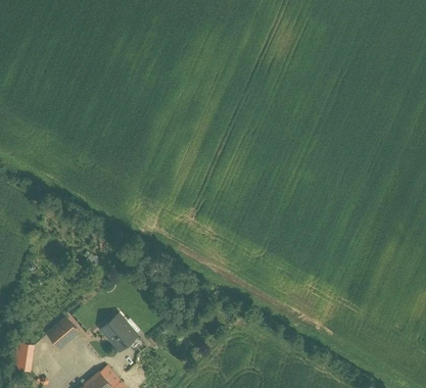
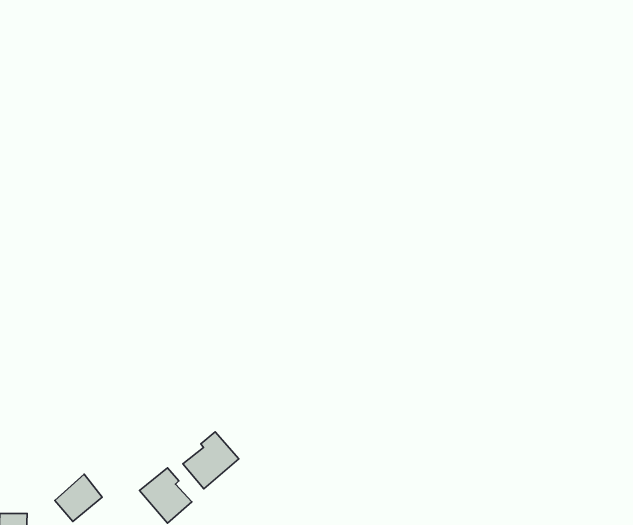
building: none -> [183,432,239,489]

